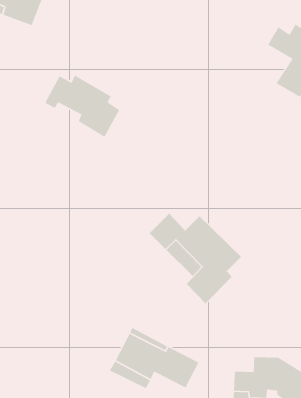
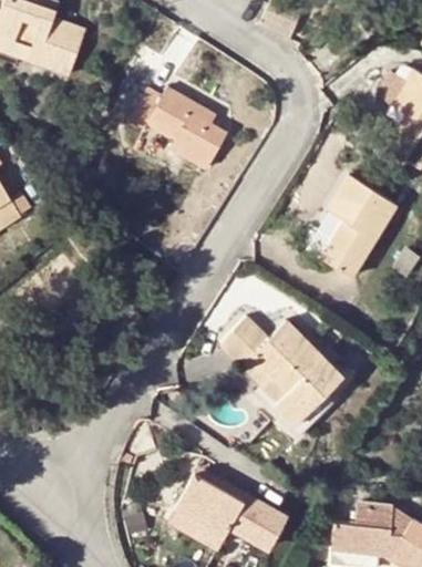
building: [44,74,120,138] -> [127,85,227,168]
building: none -> [322,177,395,278]

